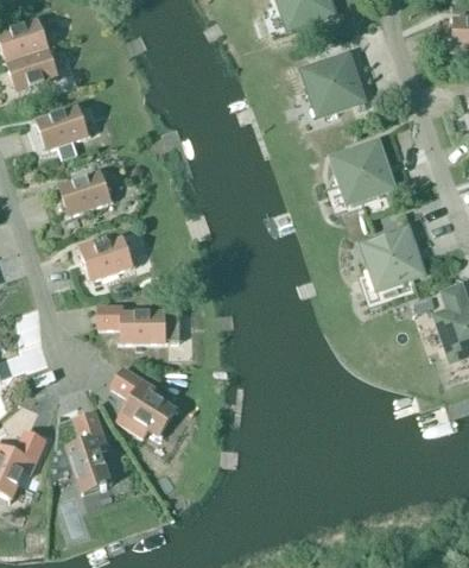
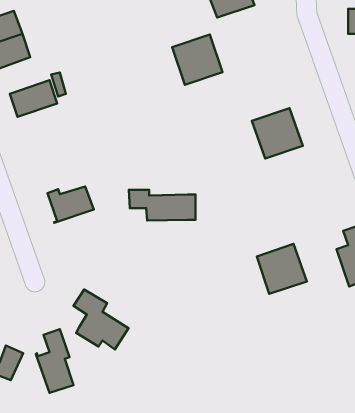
building: [302,52,363,114] -> [172,35,222,85]
building: [55,170,113,215] -> none
building: [361,226,423,288] -> [257,244,307,294]
building: [95,304,177,342] -> [129,190,195,221]

